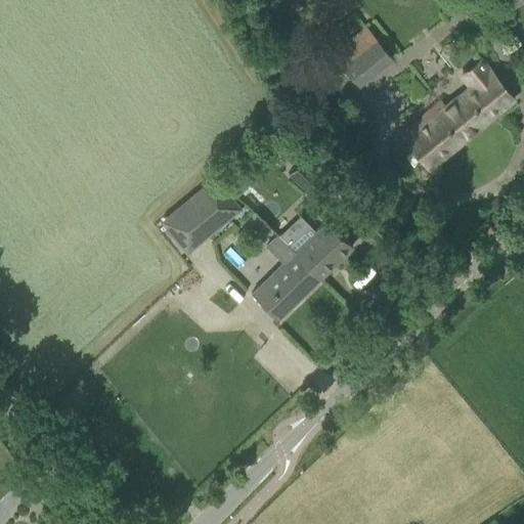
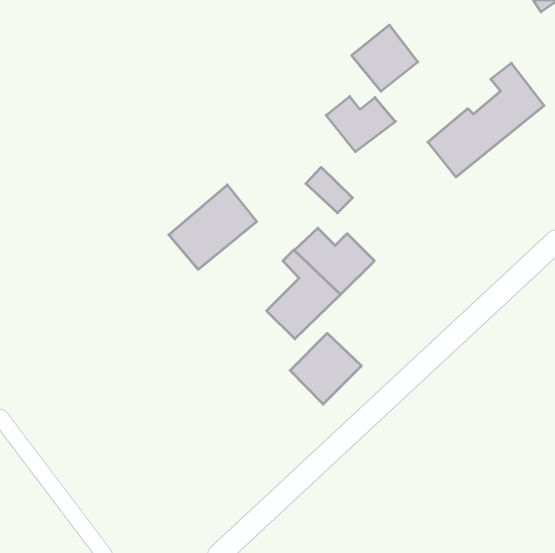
building: none -> [326,96,396,152]
building: none -> [290,333,361,404]

